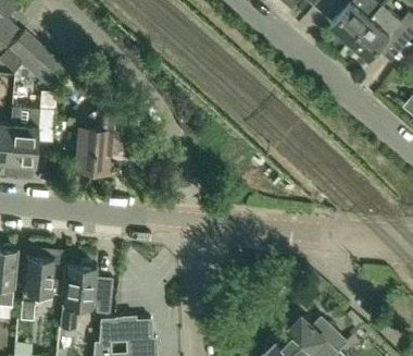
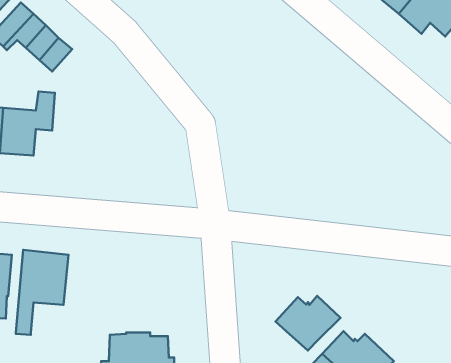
building: [76,112,128,171] -> none
building: [60,265,113,330] -> none
building: none -> [275,296,340,351]

